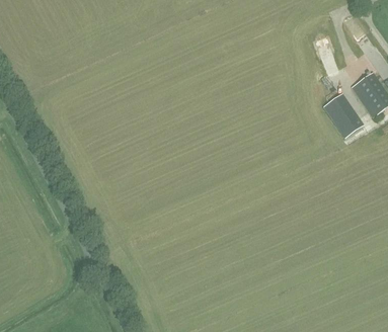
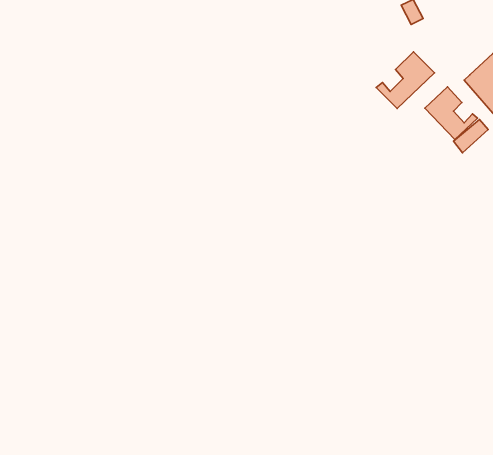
building: none -> [376,52,435,109]

